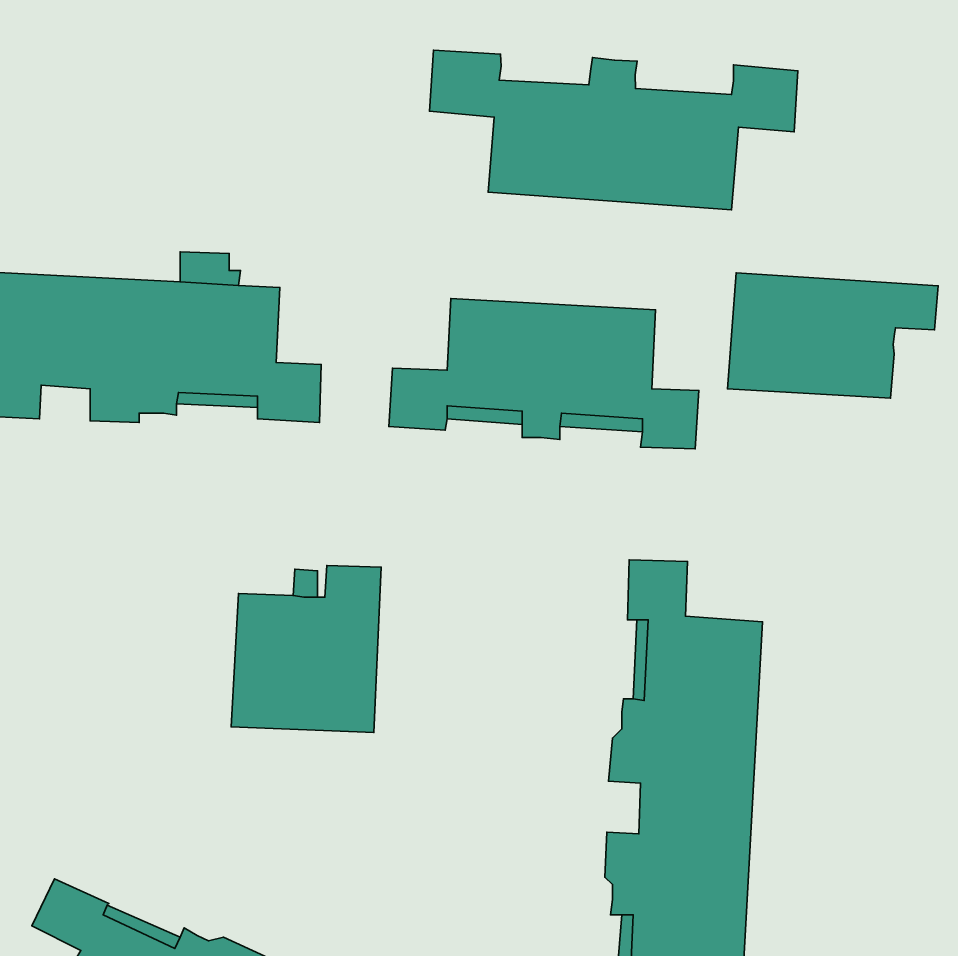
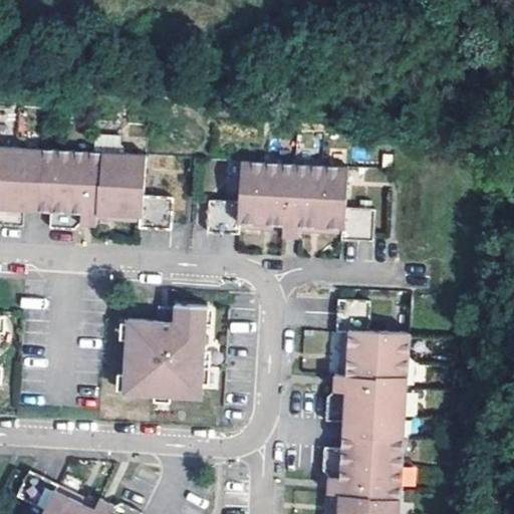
building: [430,50,798,210] -> none
building: [728,273,938,398] -> none

